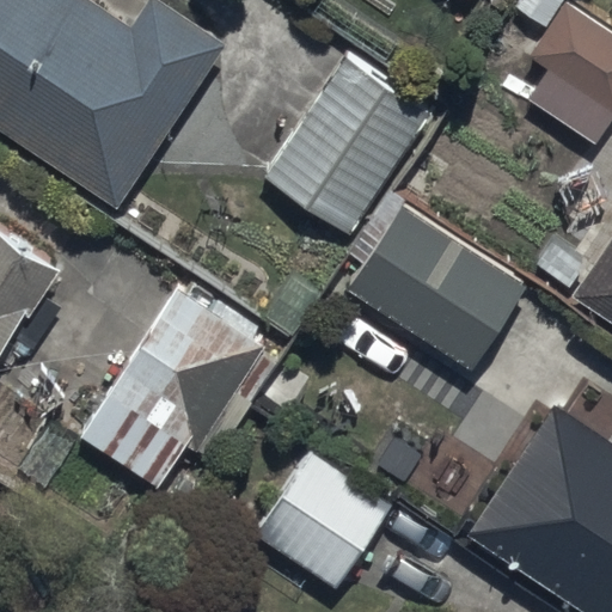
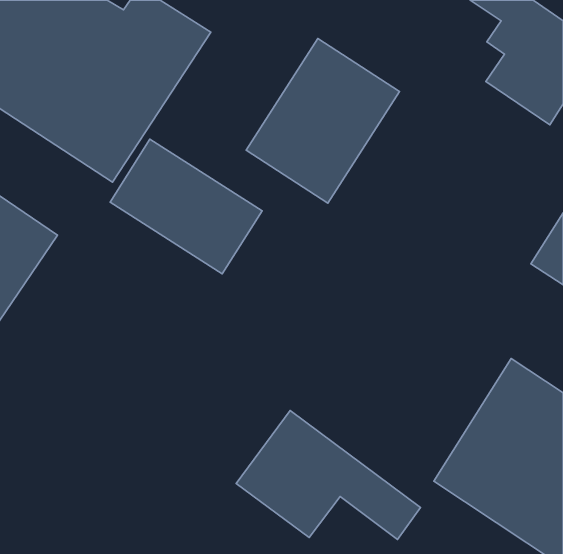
building: none -> [110,139,262,274]
building: [345,198,530,369] -> none
building: [75,284,289,489] -> none

